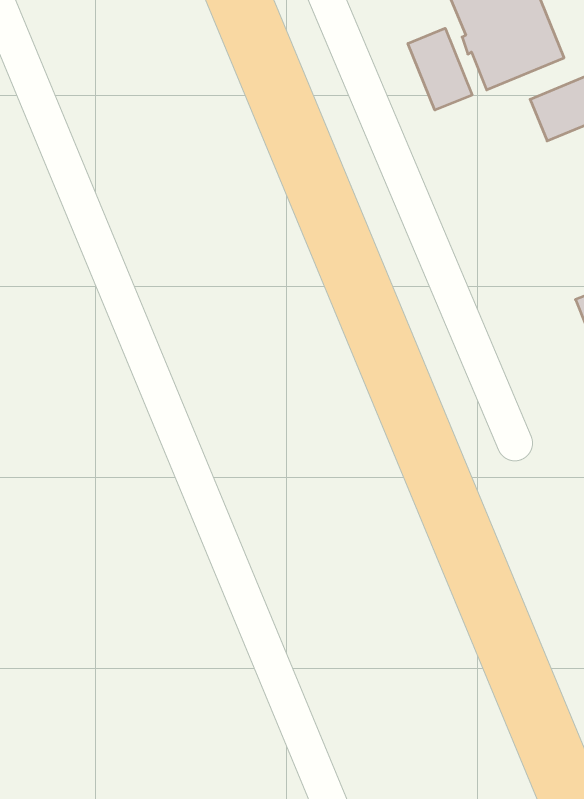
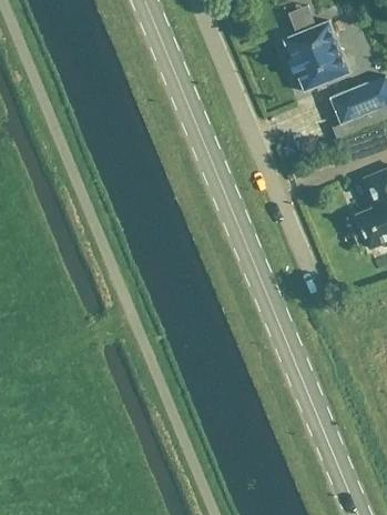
building: [408,28,472,110] -> none

